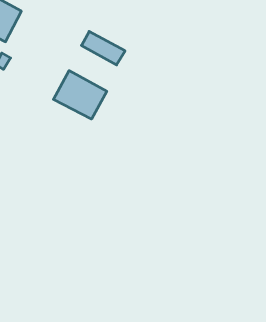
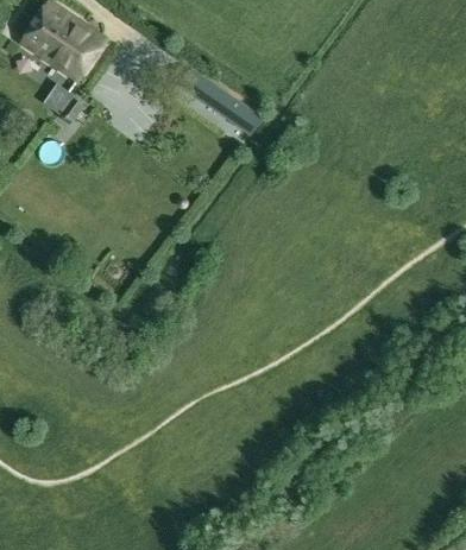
building: [53,71,107,119] -> none

